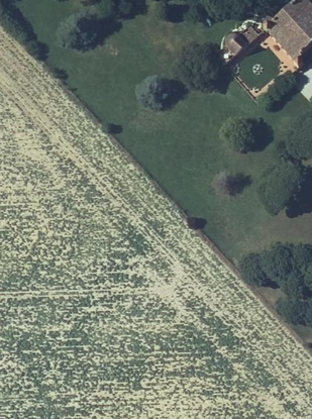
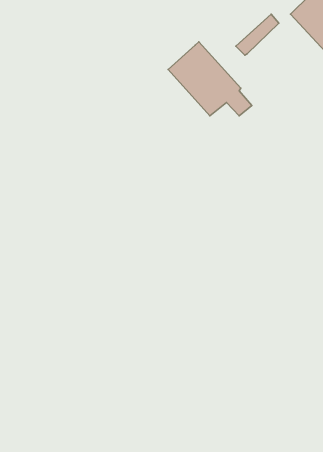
building: none -> [168,42,252,116]

